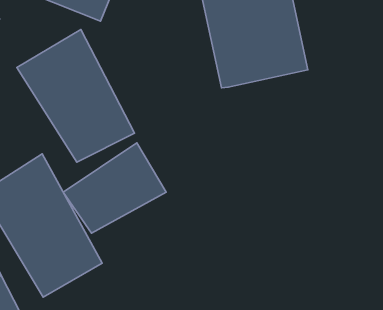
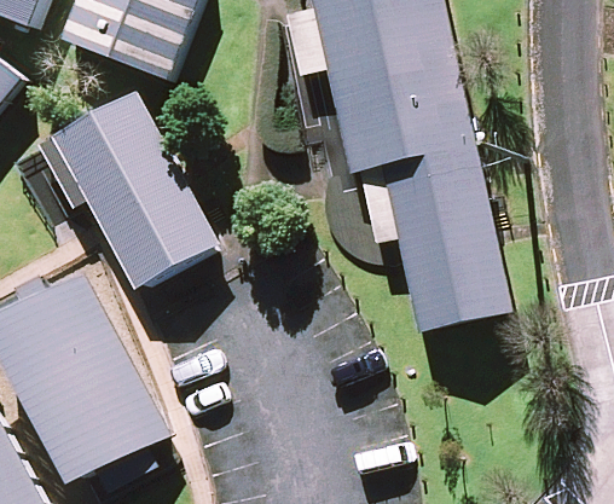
building: none -> [355,147,506,334]
building: [63,143,166,233] -> none

